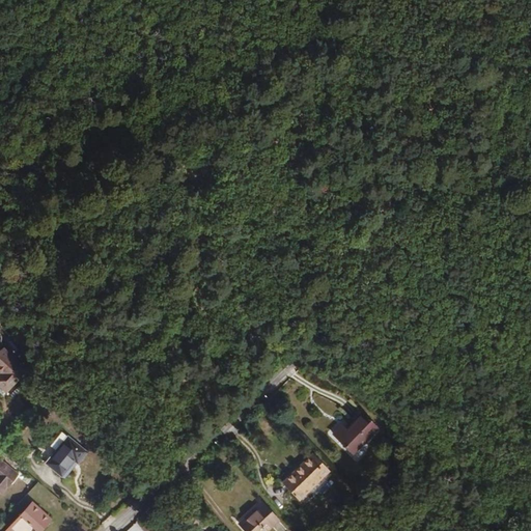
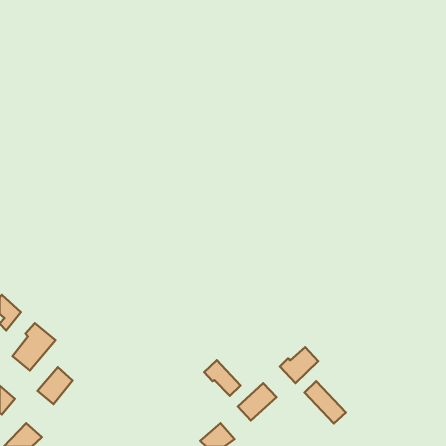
building: none -> [13,323,55,370]
building: none -> [204,360,240,396]
building: none -> [304,381,346,424]

